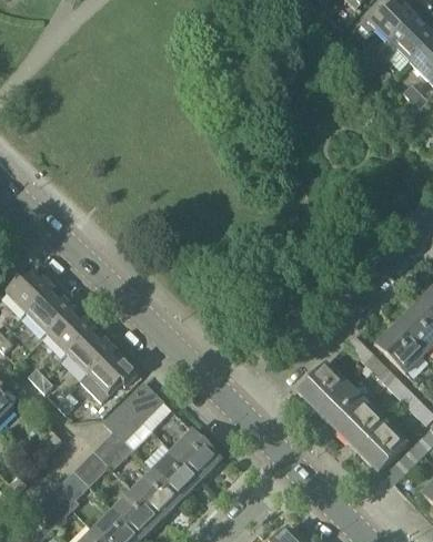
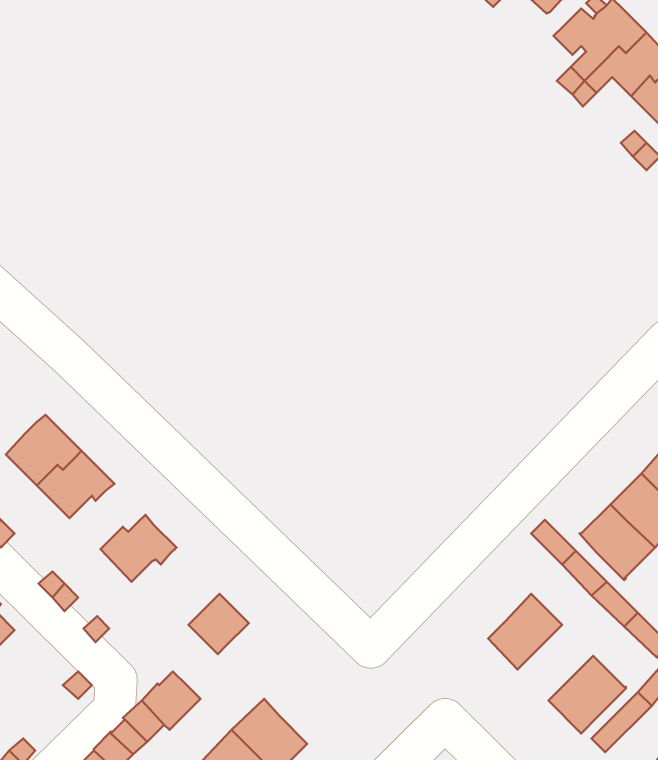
building: [47,311,95,354] -> none
building: [80,352,137,401] -> none
building: [296,364,344,411] -> none
building: [103,402,142,441] -> none
building: [335,402,384,451] -> none
building: [172,430,220,479] -> none

